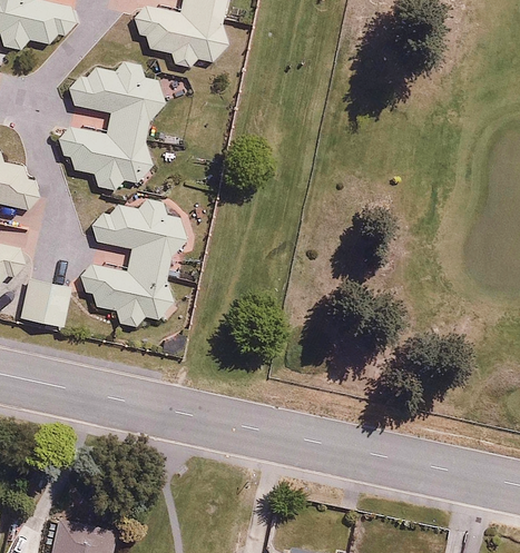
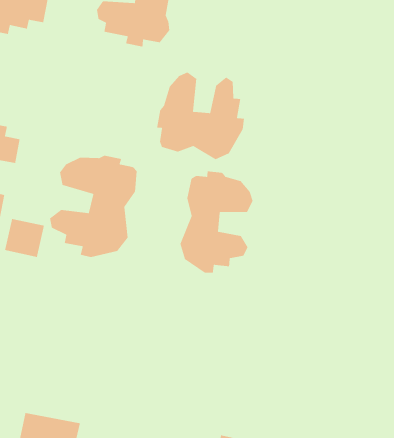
building: [53,61,163,188] -> none
building: none -> [156,71,245,160]
building: none -> [179,170,253,274]

